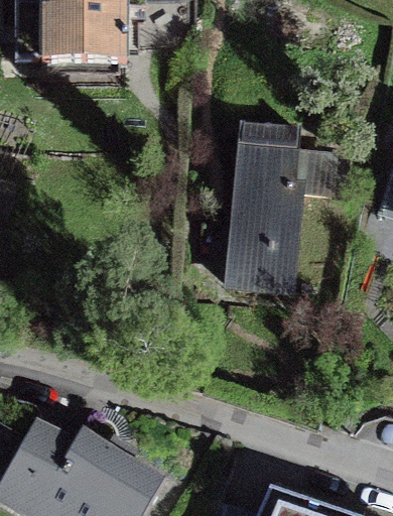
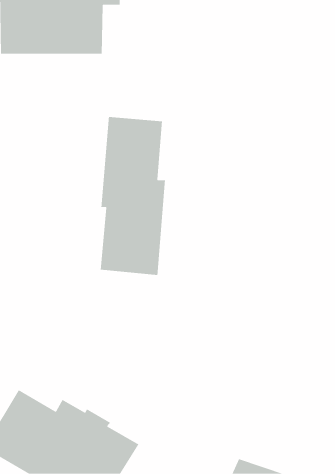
building: [232,122,302,292] -> [100,116,166,276]

